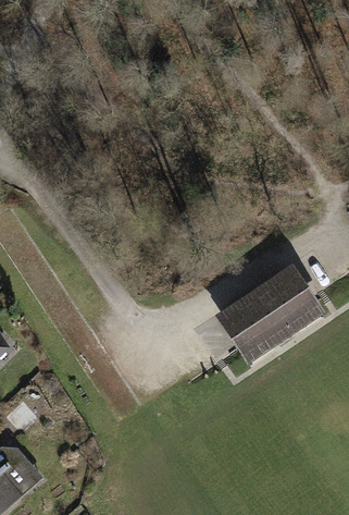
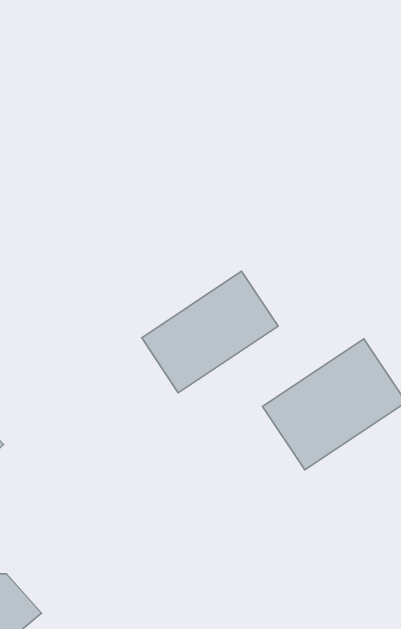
building: none -> [142,271,278,393]

